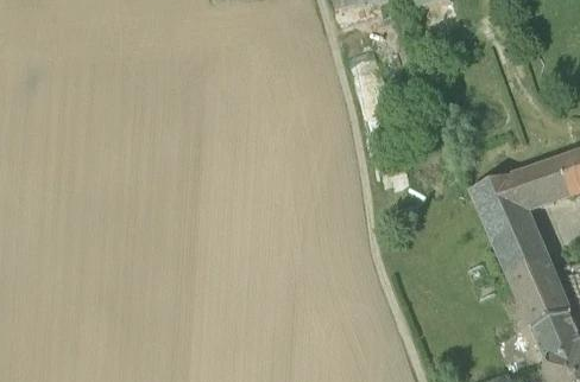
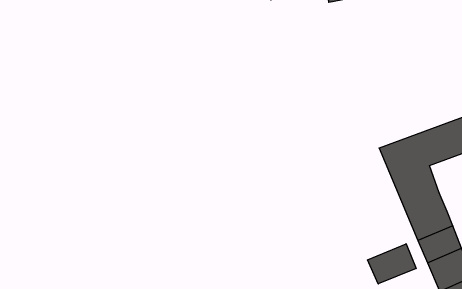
building: none -> [368,244,416,284]

